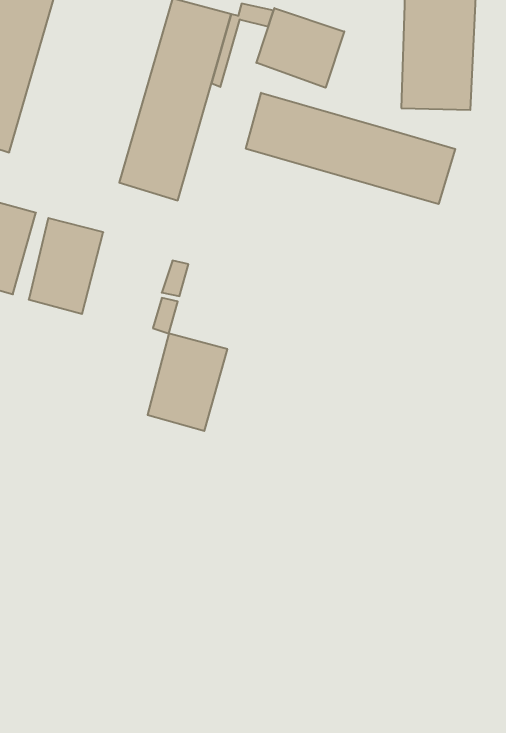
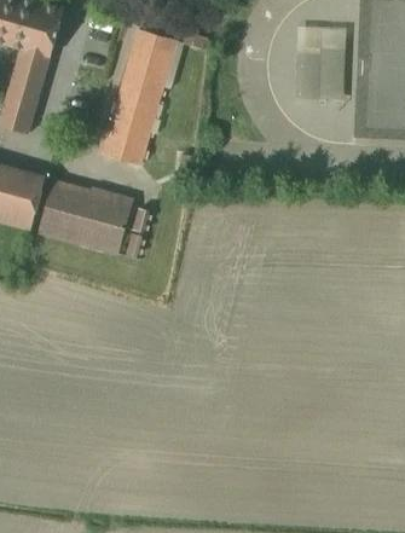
building: [256,8,344,88] -> none
building: [246,93,455,204] -> none
building: [148,333,227,431] -> [76,187,131,254]

